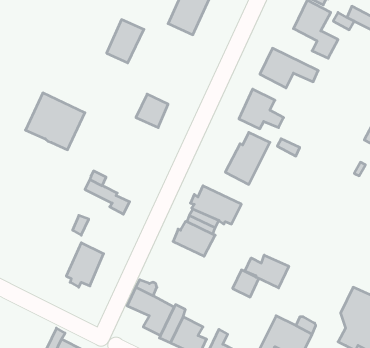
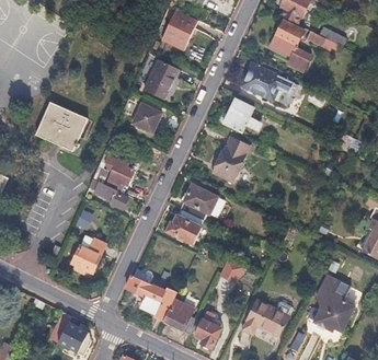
building: [107,20,144,63] -> [145,60,177,98]
building: none -> [105,155,133,191]
building: [245,255,289,288] -> none

